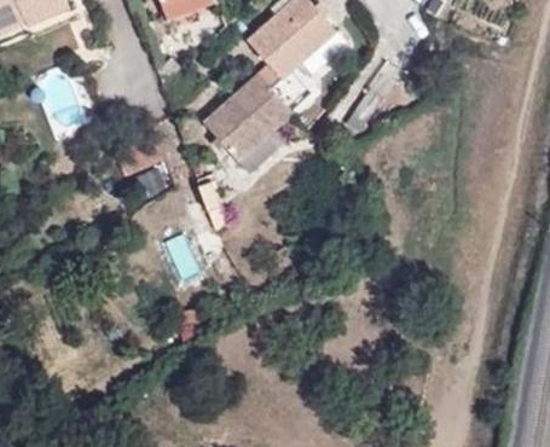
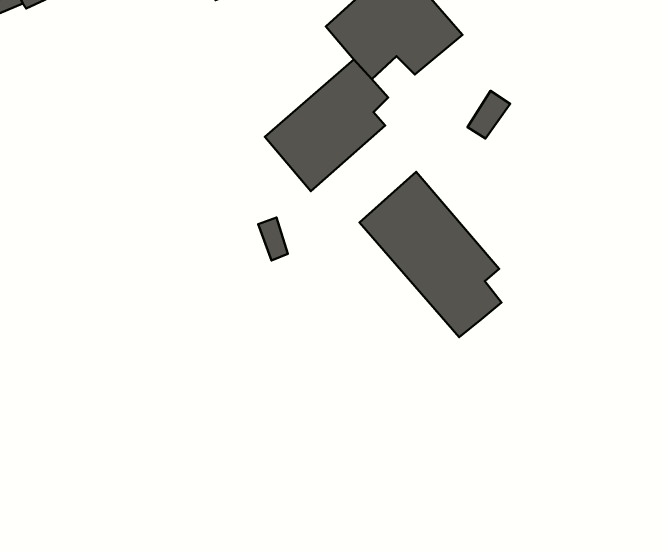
building: none -> [360,172,501,337]

